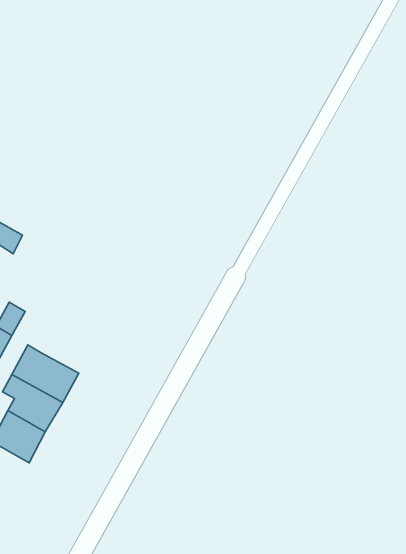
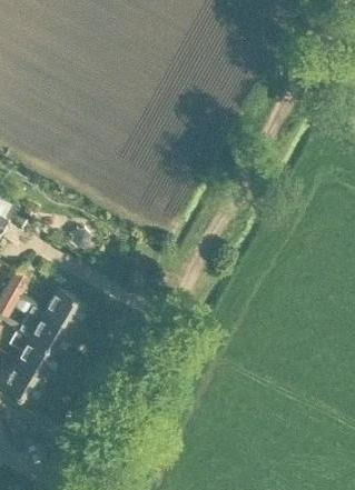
building: none -> [43,287,89,329]

